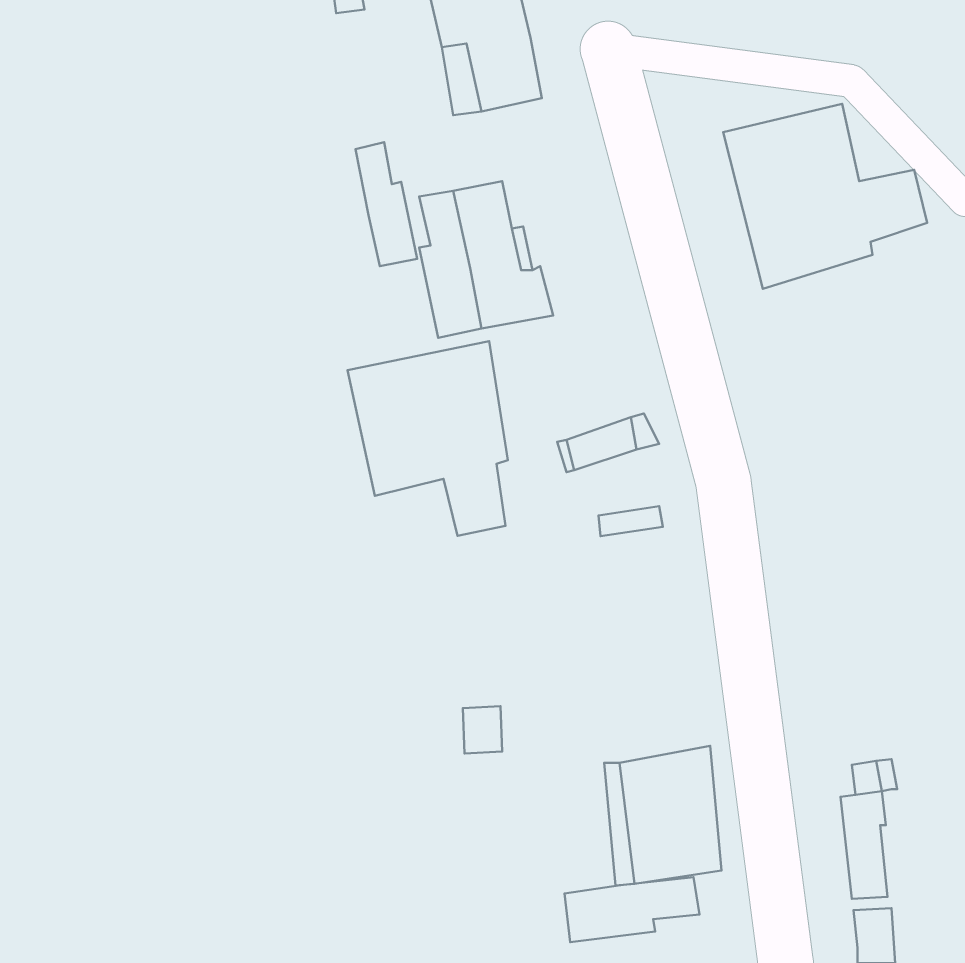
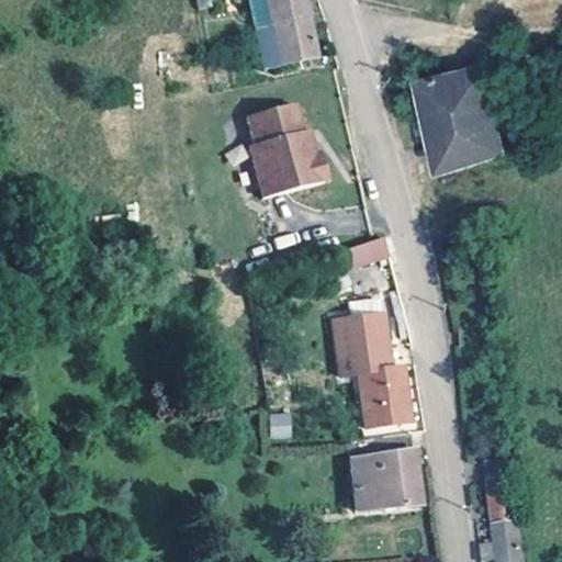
building: [356,142,417,266] -> none
building: [347,341,508,536] -> none
building: none -> [334,315,409,428]
building: [564,877,699,942] -> none

